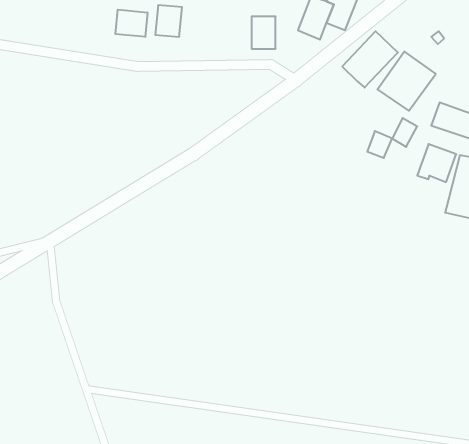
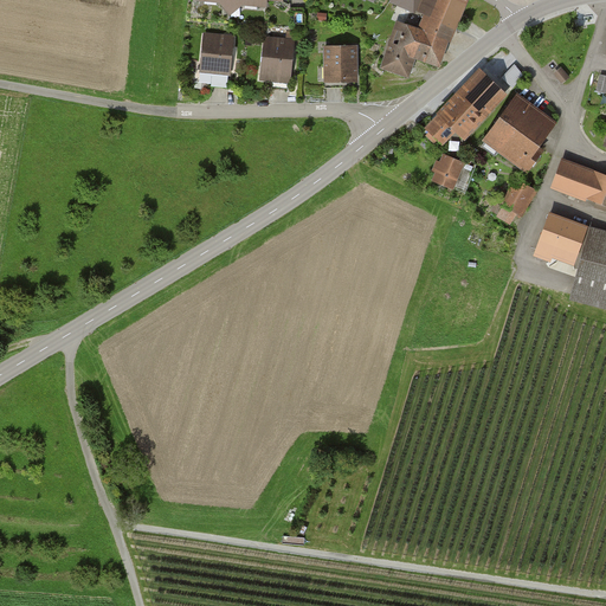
building: none -> [258,38,295,84]
building: [115,10,147,37] -> none
building: none -> [424,112,457,146]
building: [367,131,392,158] -> [432,153,464,187]

